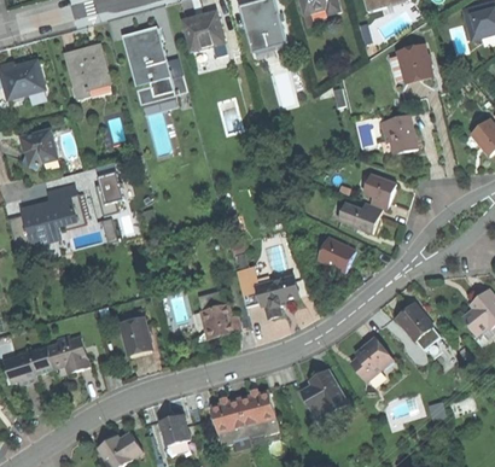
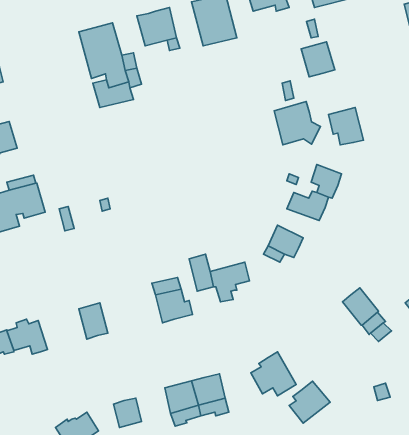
building: [64,43,110,99] -> none
building: [397,45,432,81] -> [301,42,335,77]
building: none -> [274,101,321,145]
building: [95,162,124,215] -> none
building: [351,337,394,380] -> [289,381,330,423]

